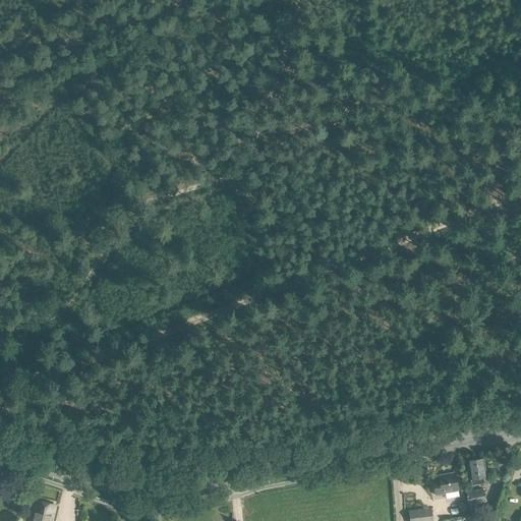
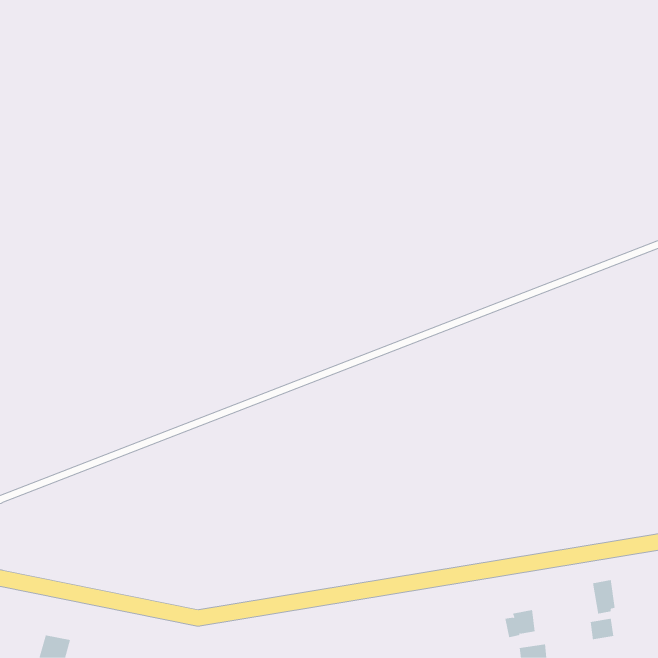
building: [433,473,458,496] -> [505,610,535,638]

